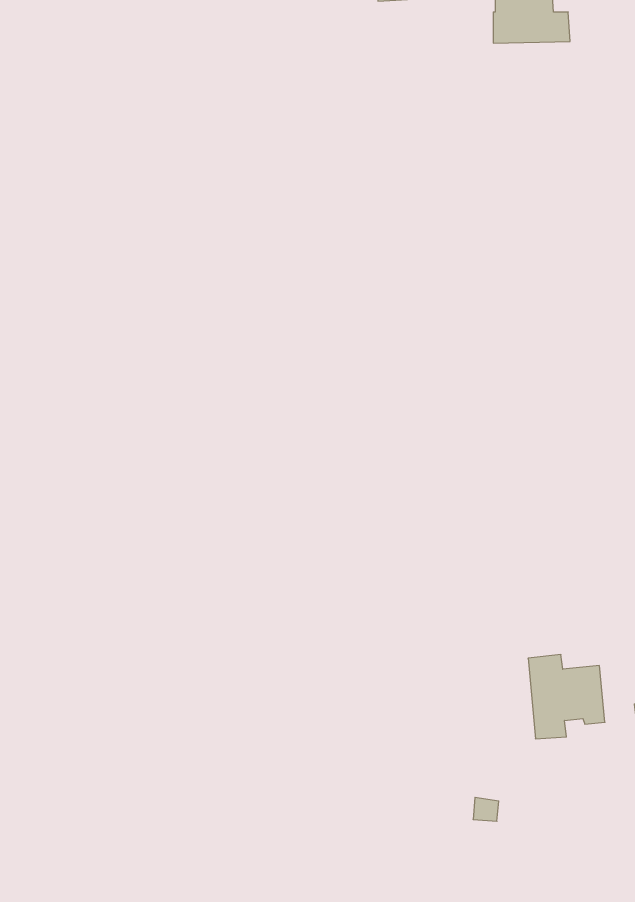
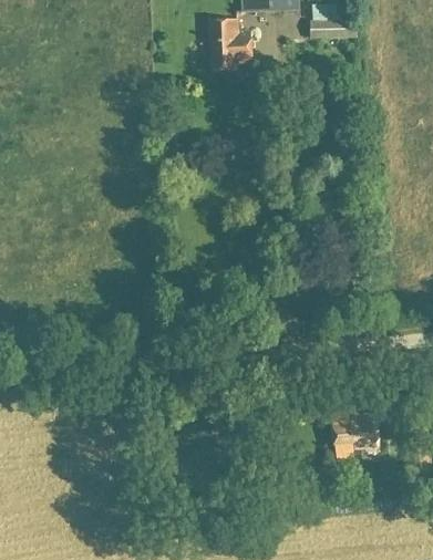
building: none -> [208,18,252,70]

